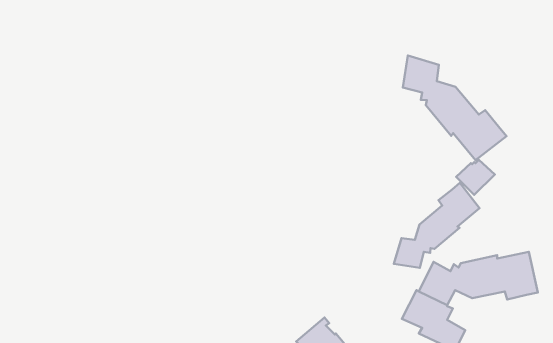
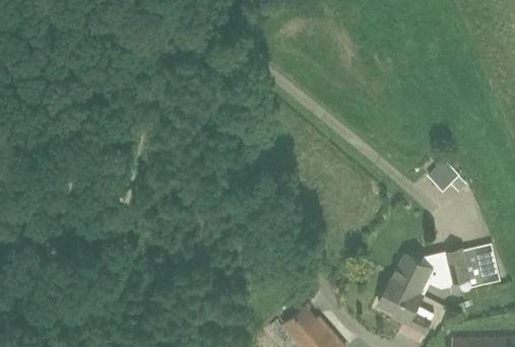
building: [403,56,506,160] -> none
building: [394,183,479,268] -> none

